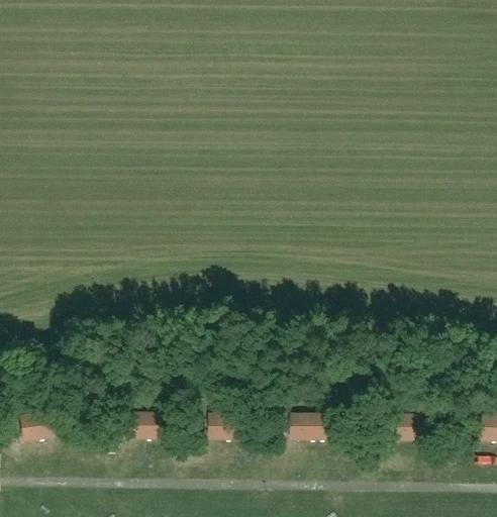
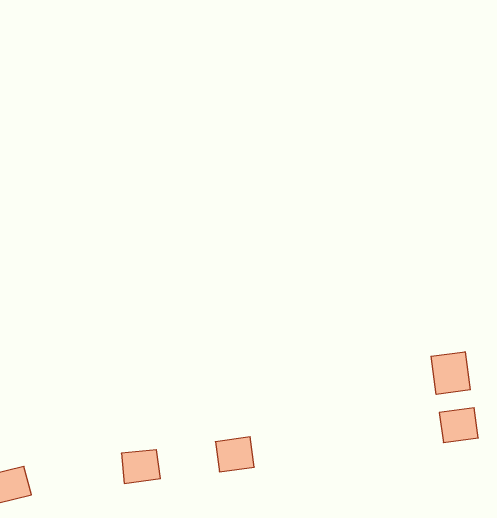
building: none -> [431,352,470,394]
building: [292,413,331,438] -> none

